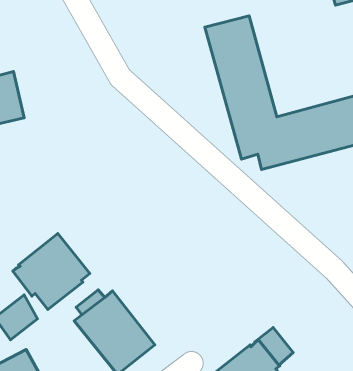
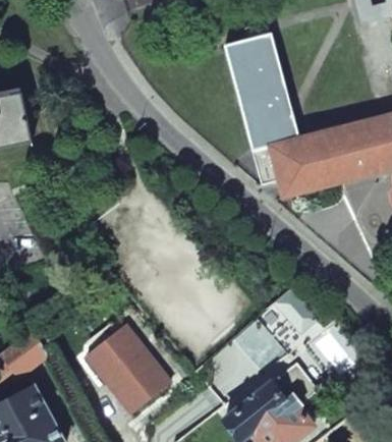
building: [13,234,90,309] -> none

